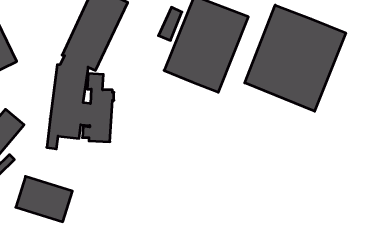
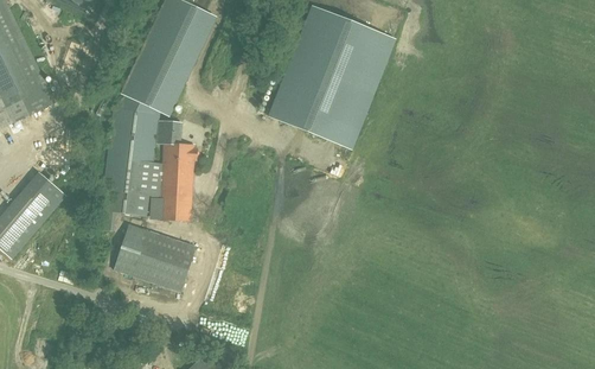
building: [245,5,346,111] -> none
building: [16,176,72,222] -> [114,223,197,290]

